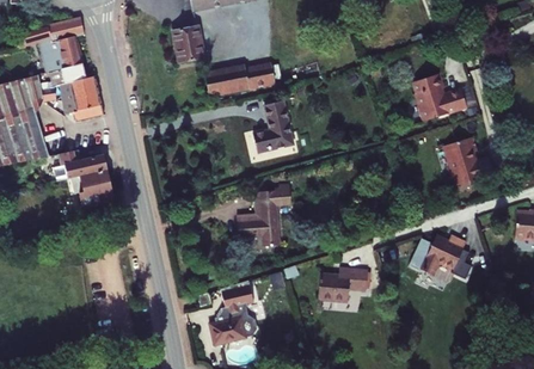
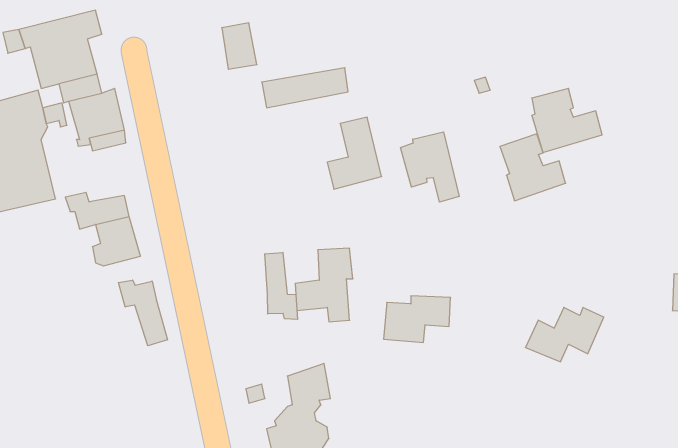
building: none -> [401,132,459,202]
building: [442,139,491,189] -> [500,134,566,201]
building: none -> [265,252,298,319]
building: none -> [118,280,167,346]
building: [317,267,367,302] -> [384,296,451,342]

